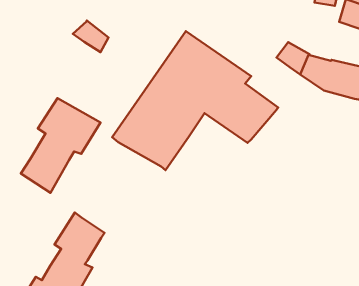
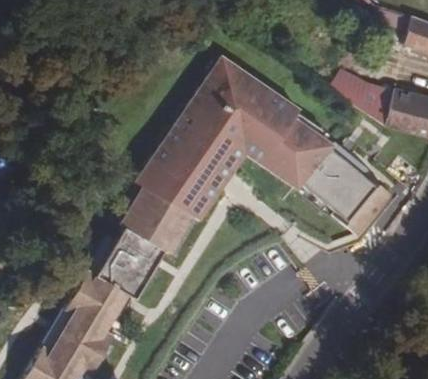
building: [73,21,109,52] -> none
building: [21,98,101,193] -> [100,186,194,298]
building: none -> [300,148,391,233]

